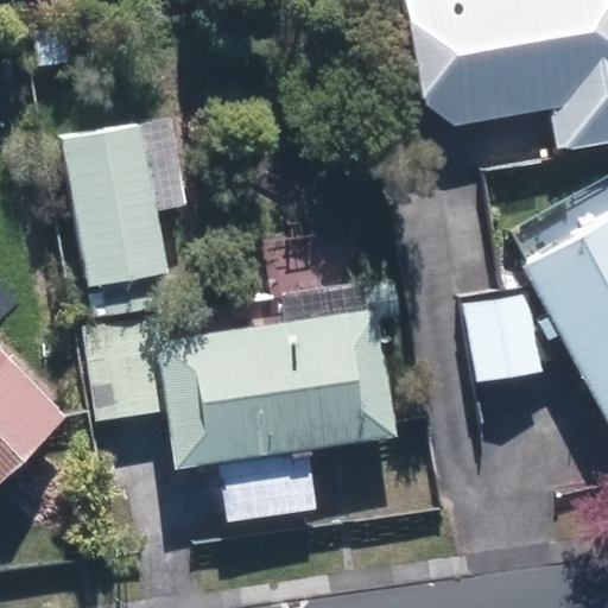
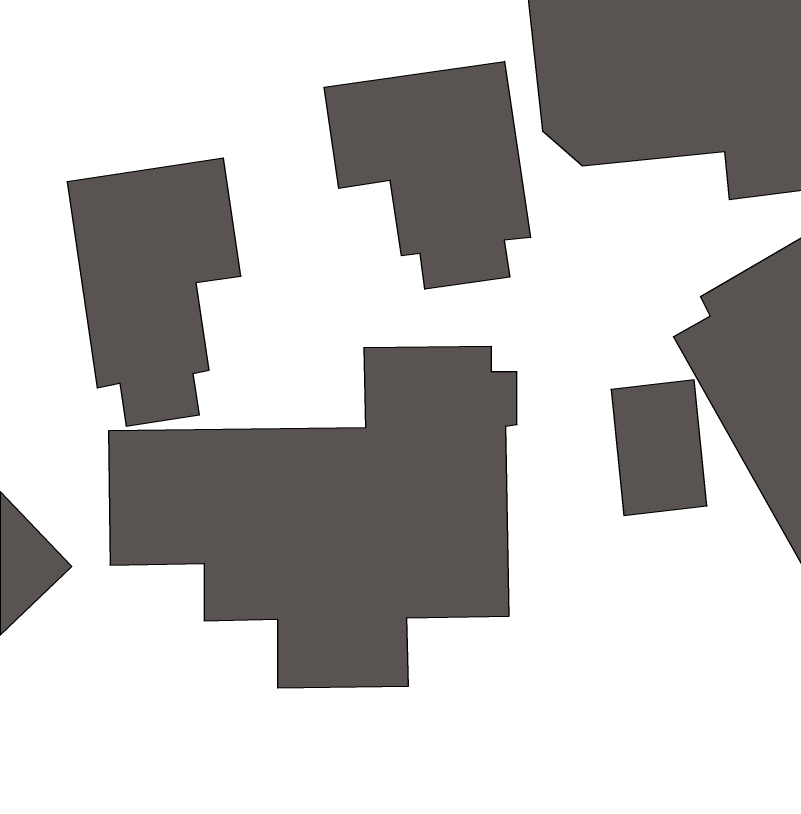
building: none -> [324,61,530,289]

